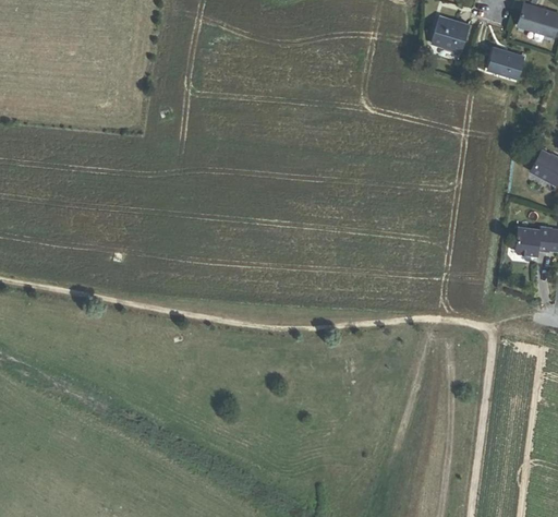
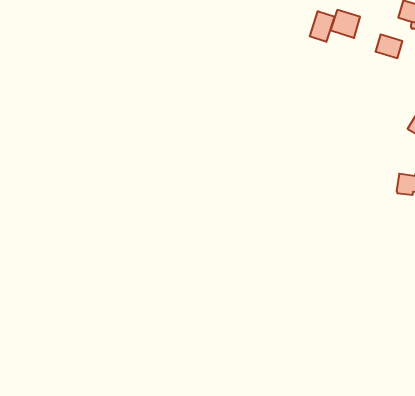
building: none -> [310,11,334,42]

